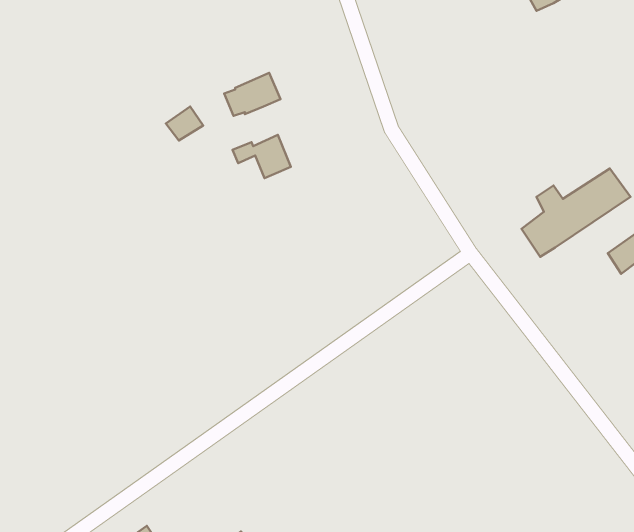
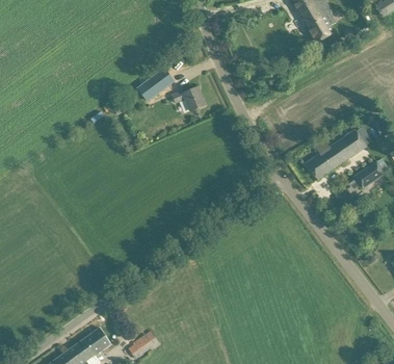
building: [233,135,291,178] -> [173,85,205,109]

